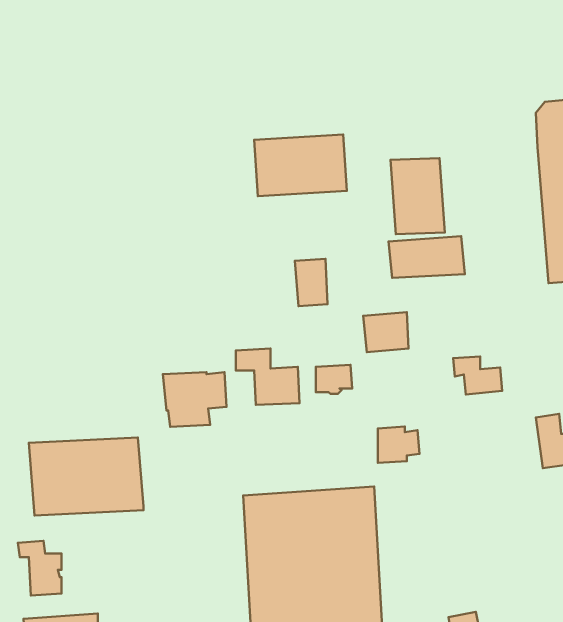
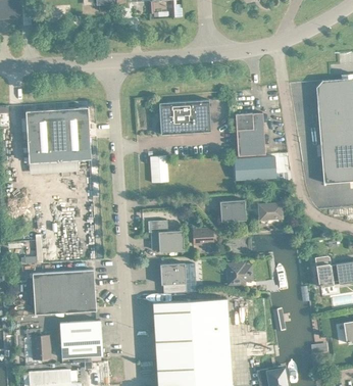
building: none -> [24,107,90,163]
building: [295,259,327,306] -> [149,156,167,183]
building: [453,356,502,395] -> [253,198,281,220]
building: [163,372,226,427] -> [159,263,195,294]
building: none -> [59,321,102,358]

